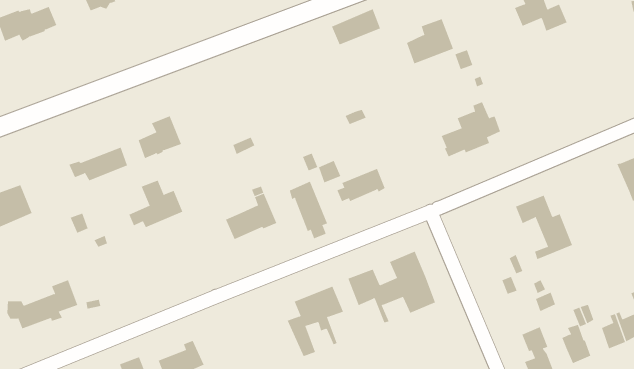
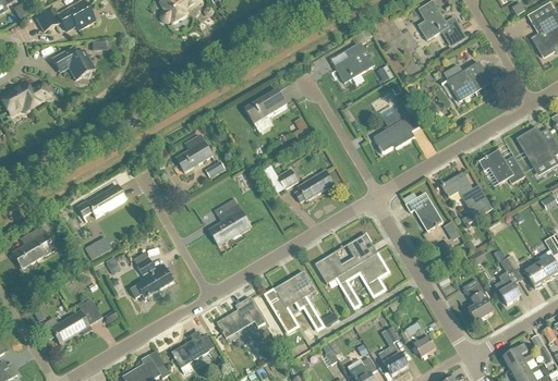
building: [331,9,381,45] -> [244,89,284,123]
building: none -> [446,61,492,101]
building: [138,115,182,159] -> [175,134,211,172]
building: none -> [478,148,524,183]
building: [129,180,183,228] -> [128,257,171,297]
building: [289,181,328,239] -> none
building: none -> [405,193,441,231]
building: none -> [216,297,265,339]

